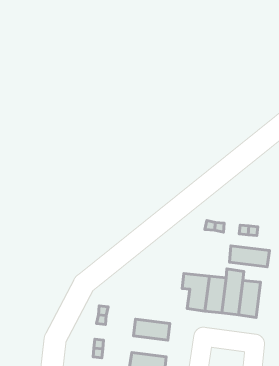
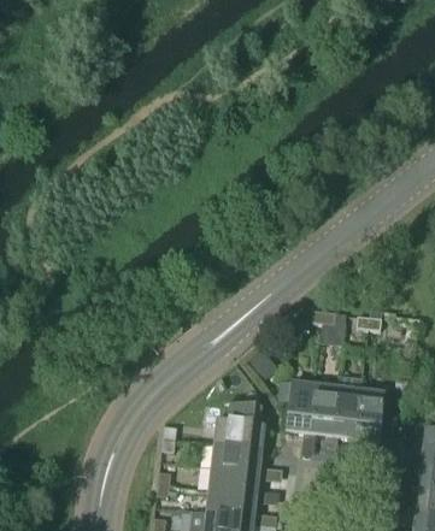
building: [229,246,270,267] -> none
building: none -> [214,403,265,449]
building: none -> [210,466,259,495]

